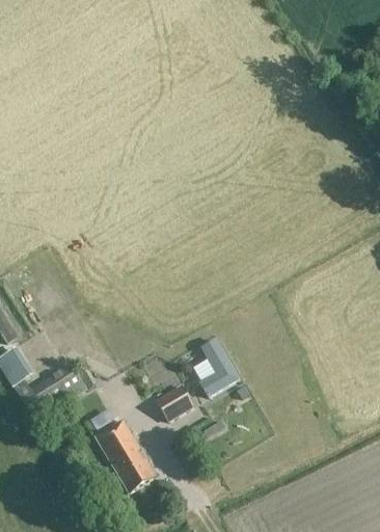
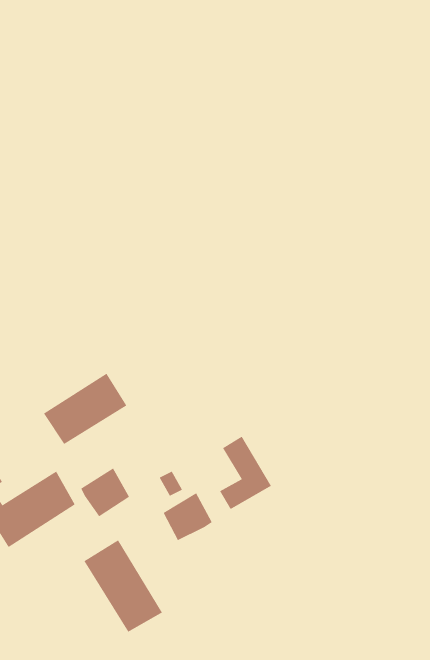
building: none -> [43,373,127,445]
building: none -> [81,468,130,517]

